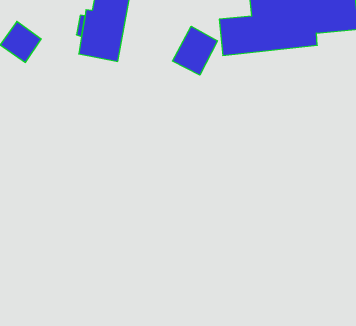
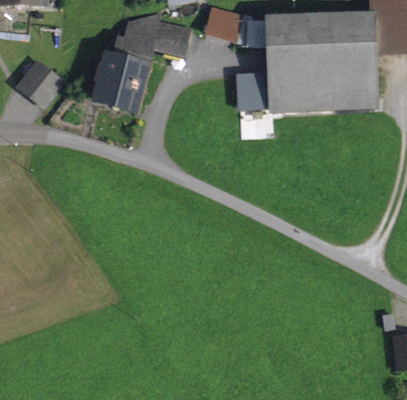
building: [172,26,217,75] -> none

